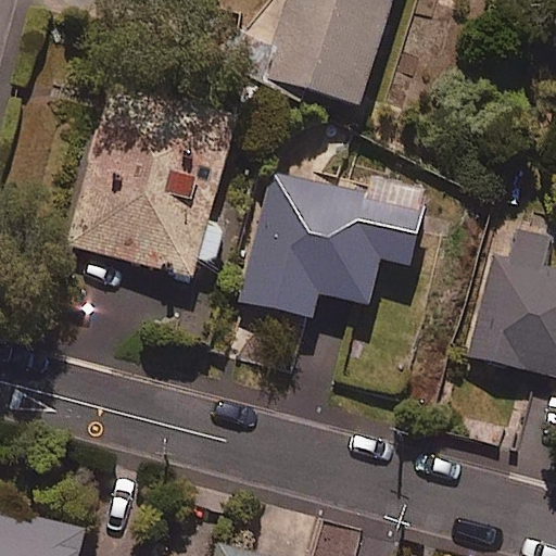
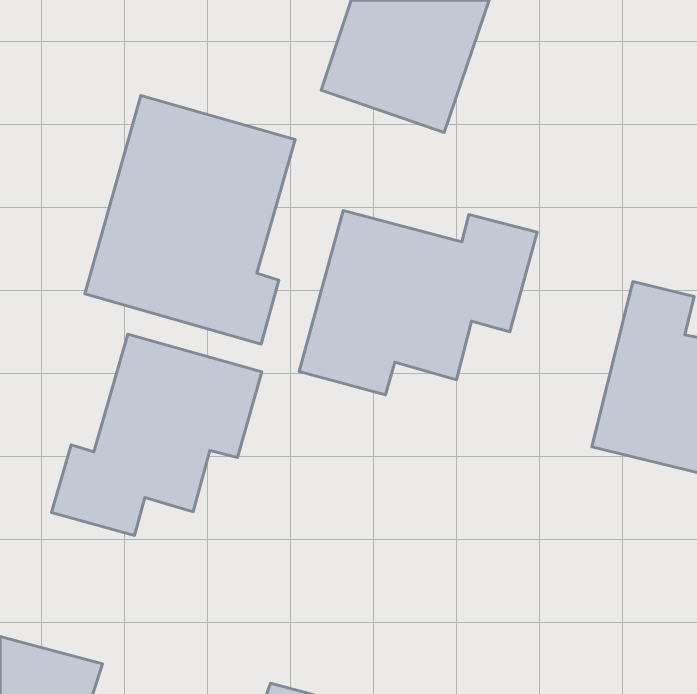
building: none -> [52,334,262,536]

